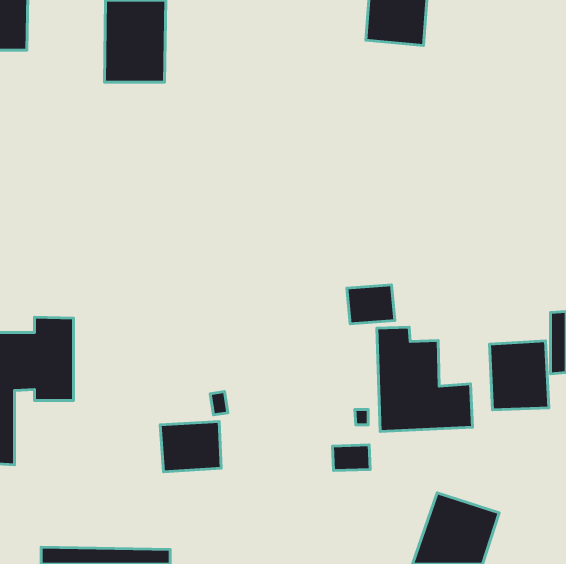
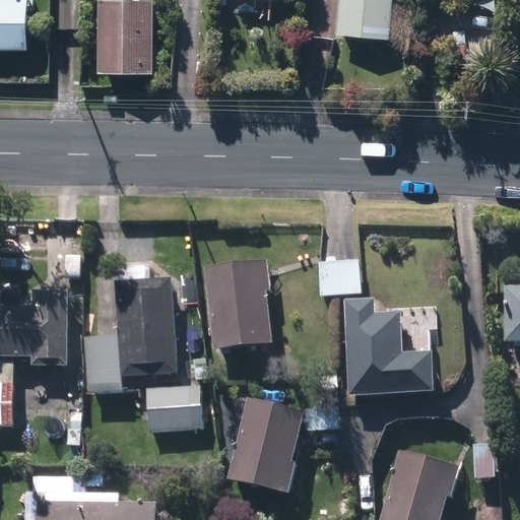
building: none -> [204,260,271,348]
building: none -> [83,265,177,392]
building: [489,341,549,410] -> none
building: none -> [226,398,302,494]

